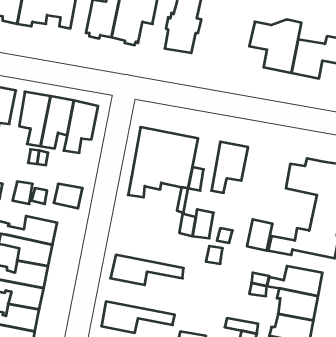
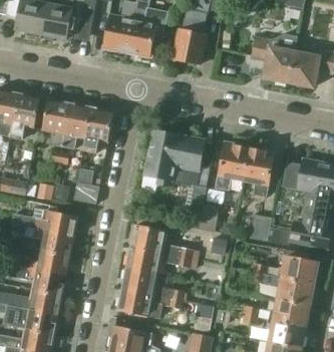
building: none -> [244,148,274,198]
building: none -> [130,225,194,258]
building: none -> [121,267,185,300]

